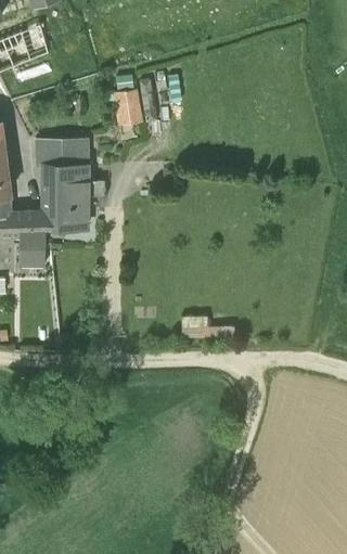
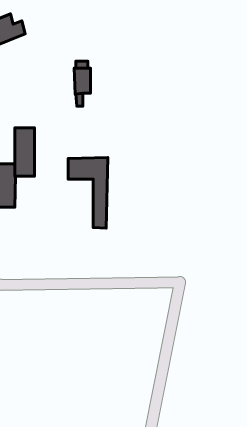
building: [38,139,88,228] -> [68,158,108,228]

